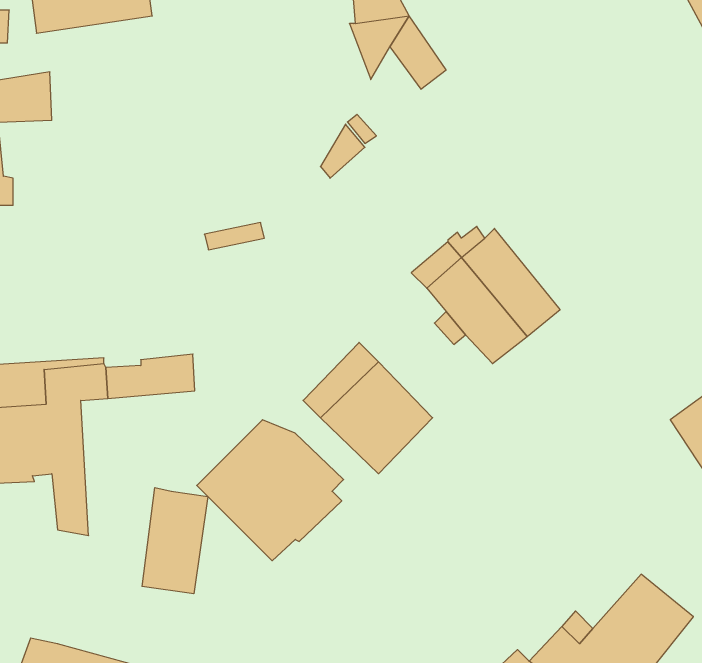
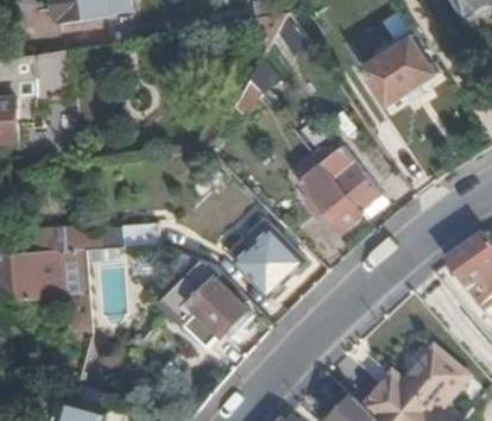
building: none -> [361,32,439,106]
building: [142,488,208,594] -> none

